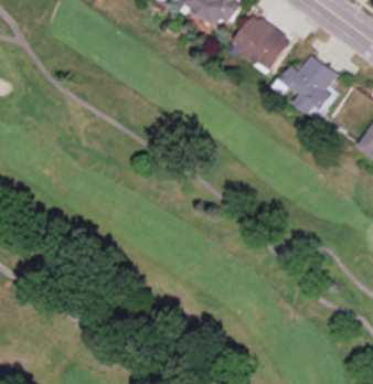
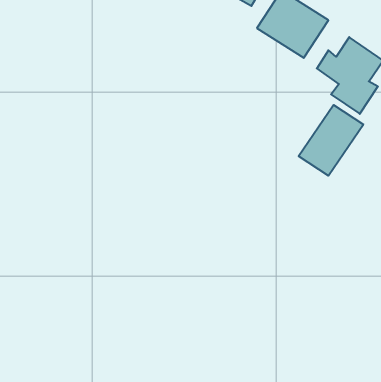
building: none -> [299,105,363,176]

